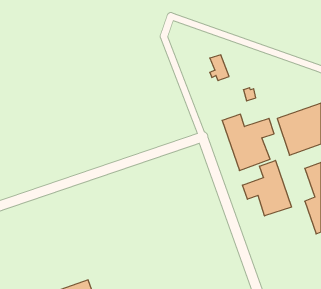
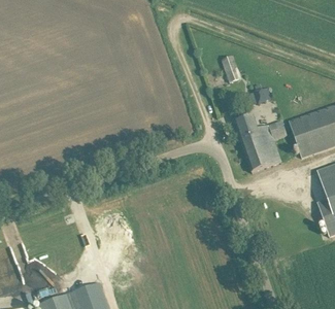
building: [242,160,292,216] -> none

